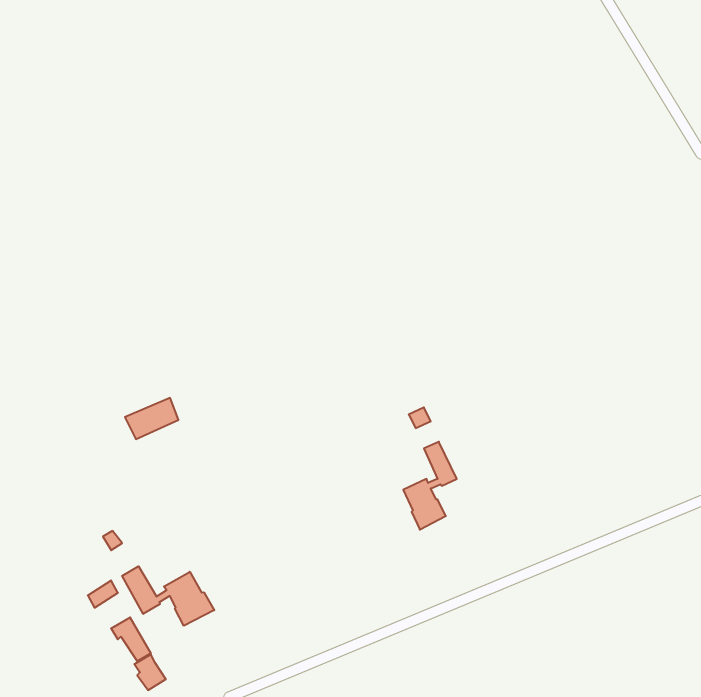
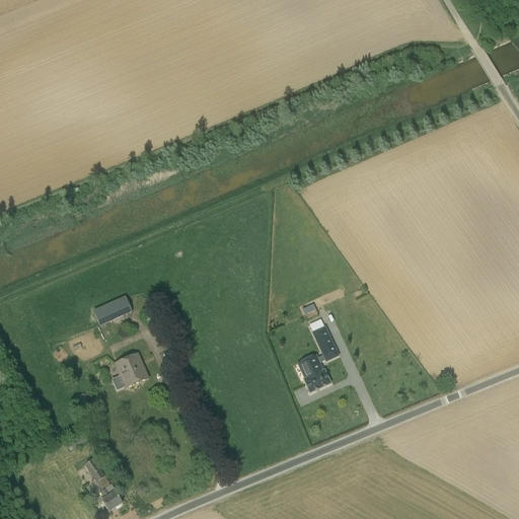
building: none -> [115,352,148,386]
building: [122,566,214,626] -> none

